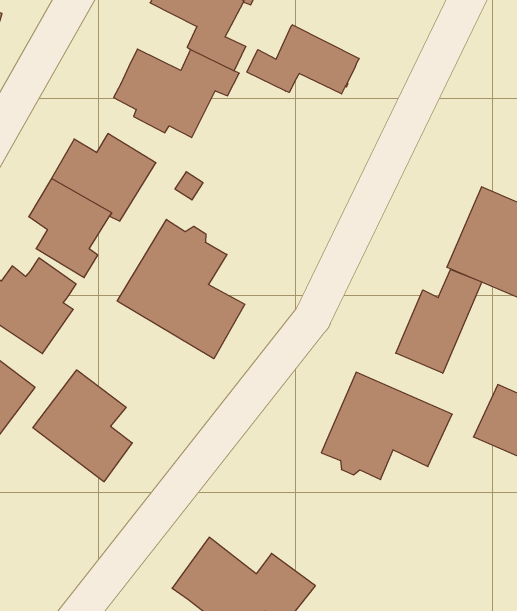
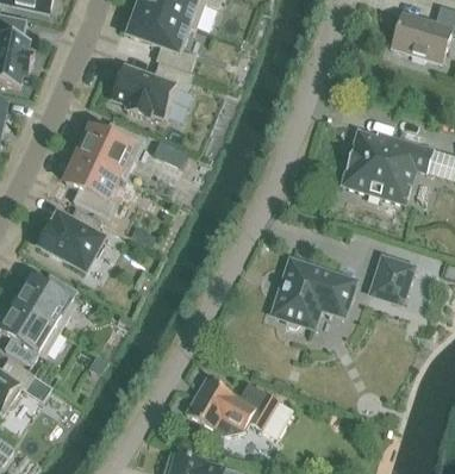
building: [247,25,359,94] -> none
building: [117,219,245,359] -> none
building: [396,270,482,373] -> none
building: [33,370,132,482] -> none

